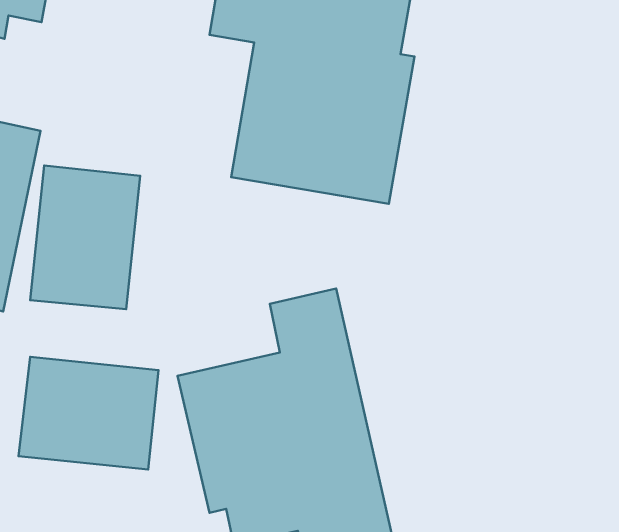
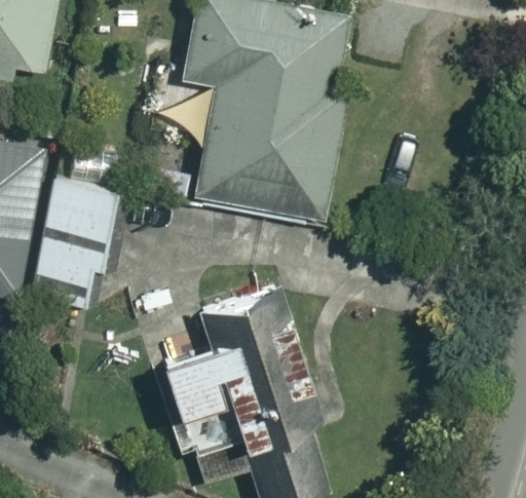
building: [19,357,159,470] -> none

